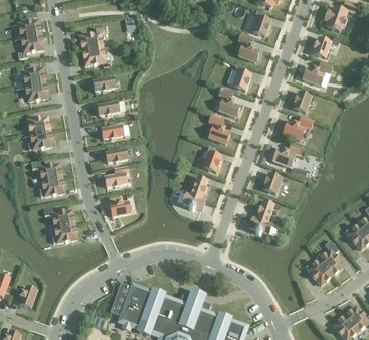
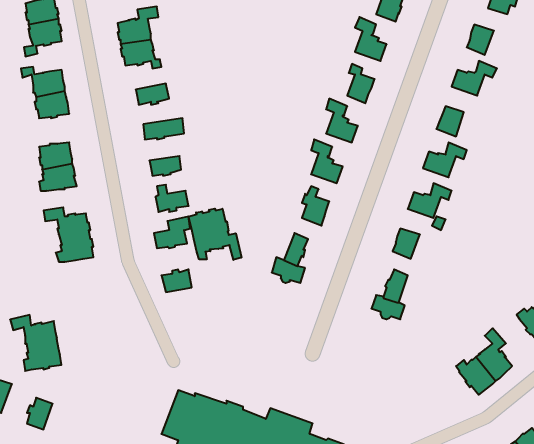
building: none -> [189,209,241,260]
building: [42,206,76,243] -> [10,315,61,371]

